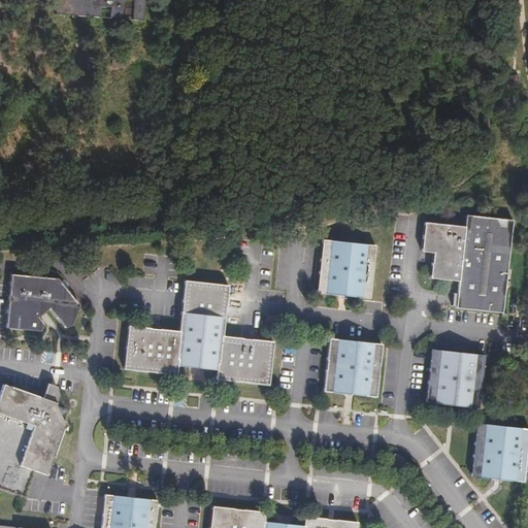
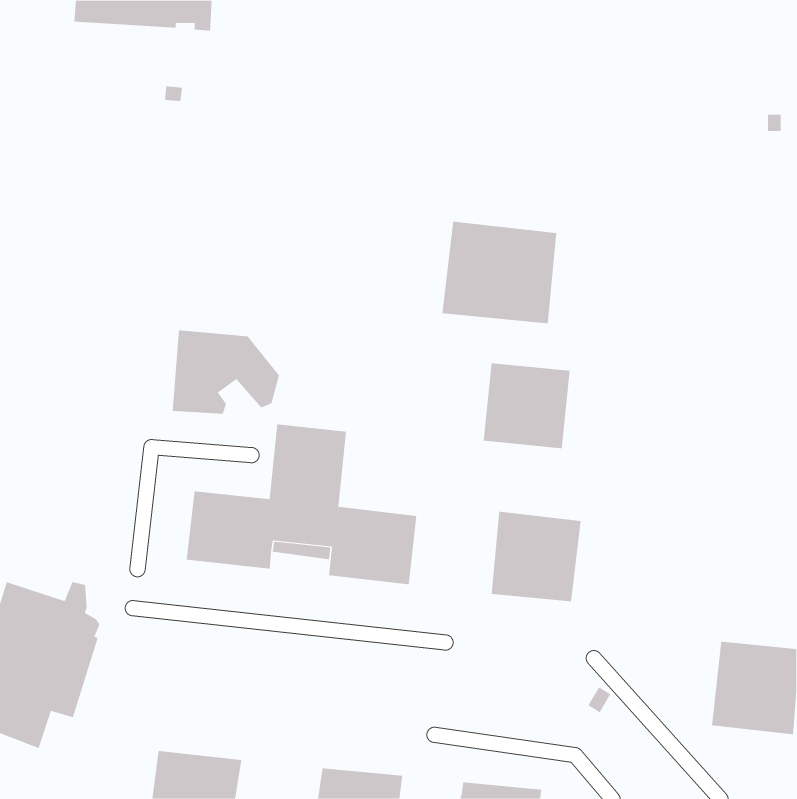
building: none -> [442,221,557,324]
building: [422,213,513,310] -> none
building: [8,274,79,330] -> [172,330,280,414]
building: [425,349,486,409] -> none

